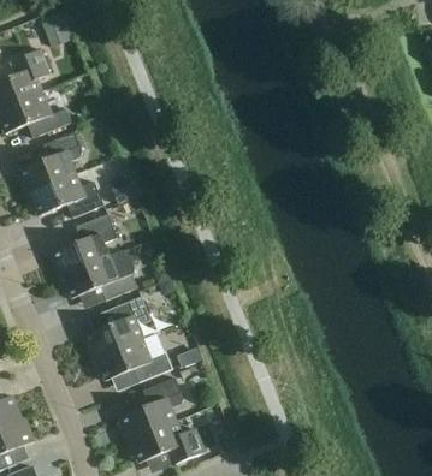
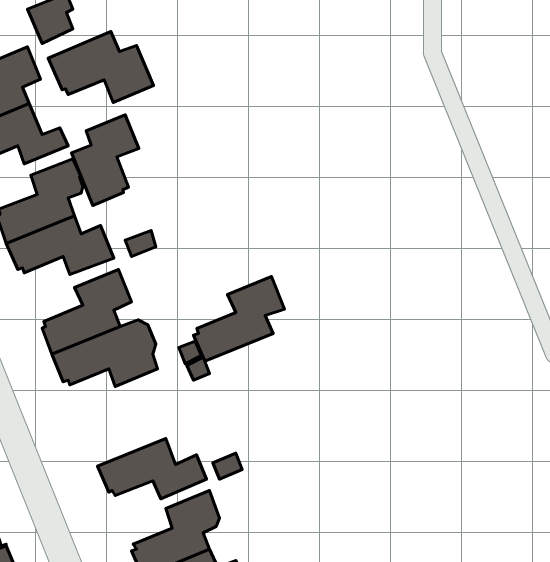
building: none -> [48,32,154,102]
building: none -> [71,115,139,205]
building: [83,297,150,359] -> [193,277,285,361]

